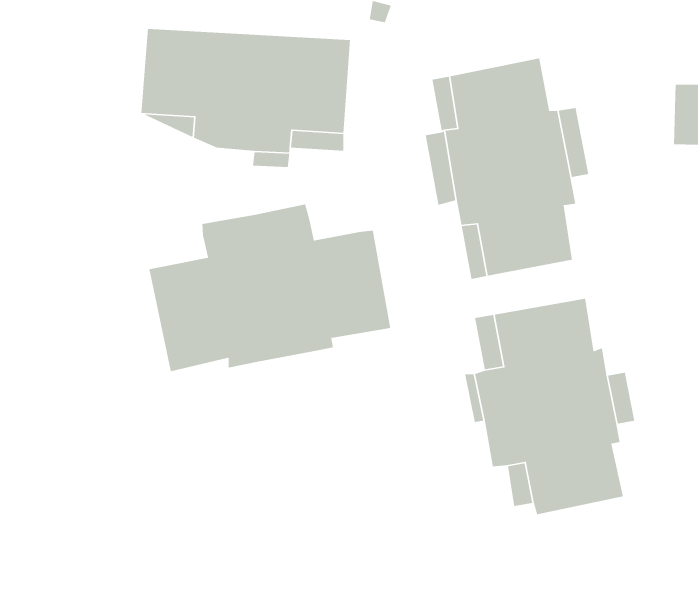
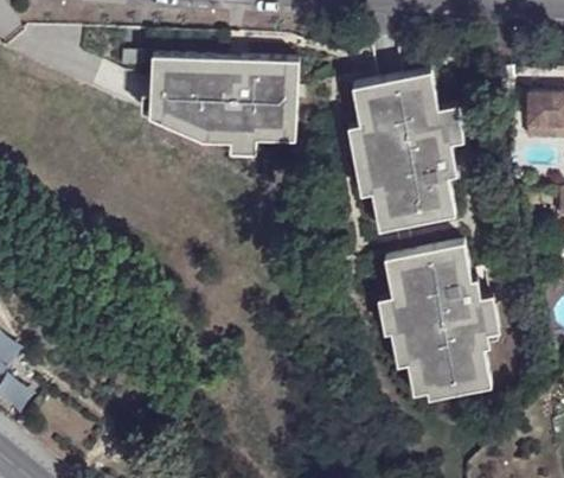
building: [149,203,391,372] -> none

